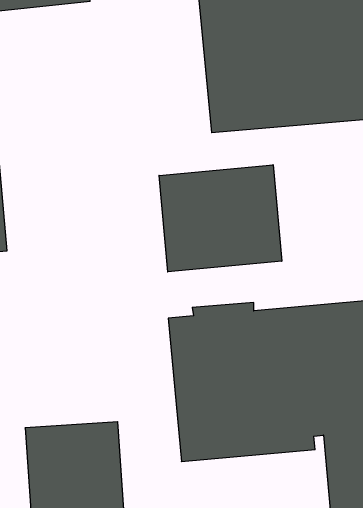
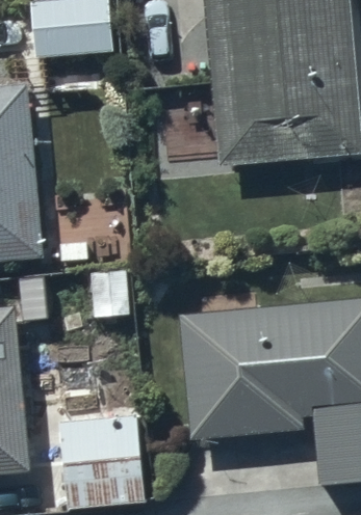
building: [159,165,282,272] -> none

